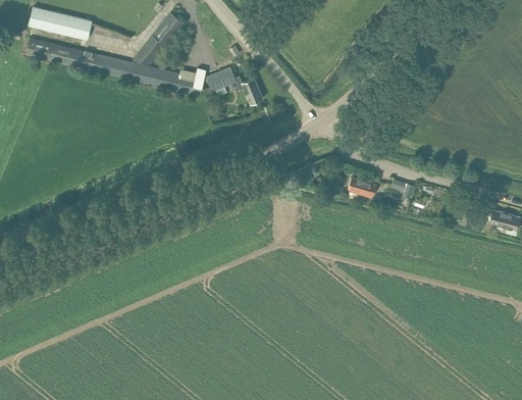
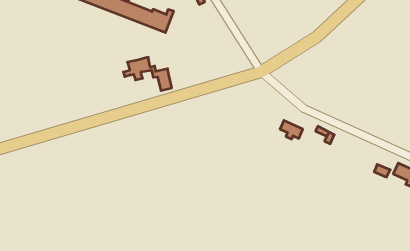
building: [203,66,262,103] -> [123,57,172,91]

